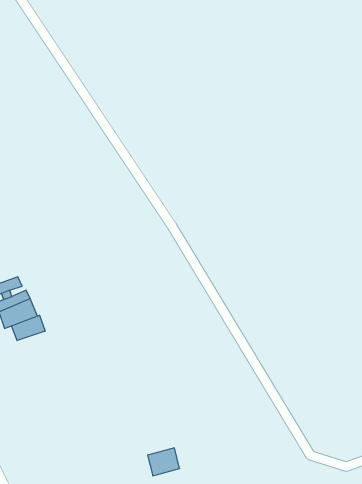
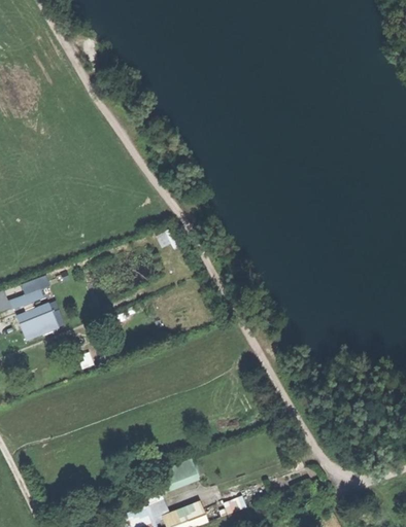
building: [12,315,45,341] -> none

